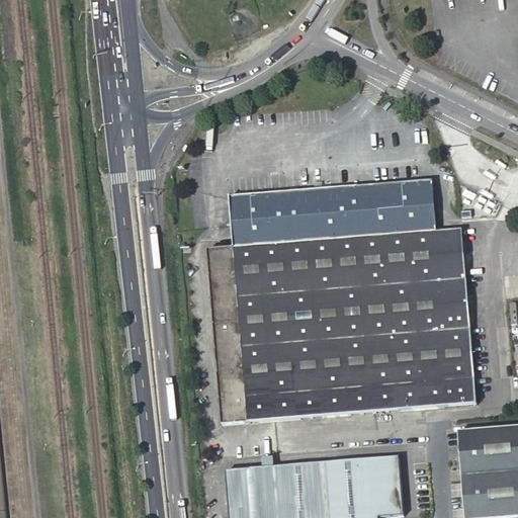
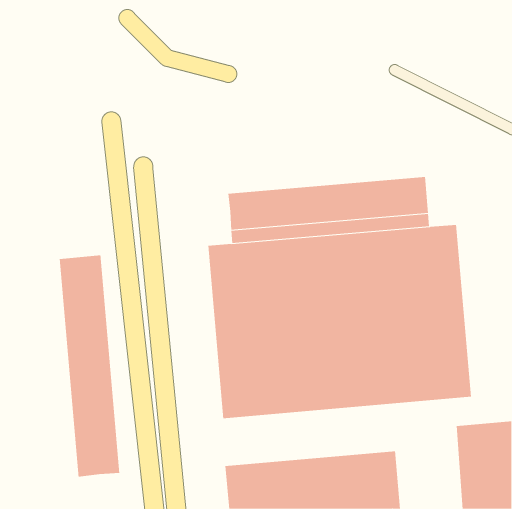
building: none -> [59,255,120,477]

